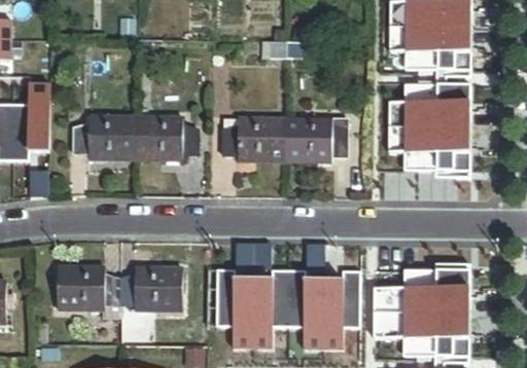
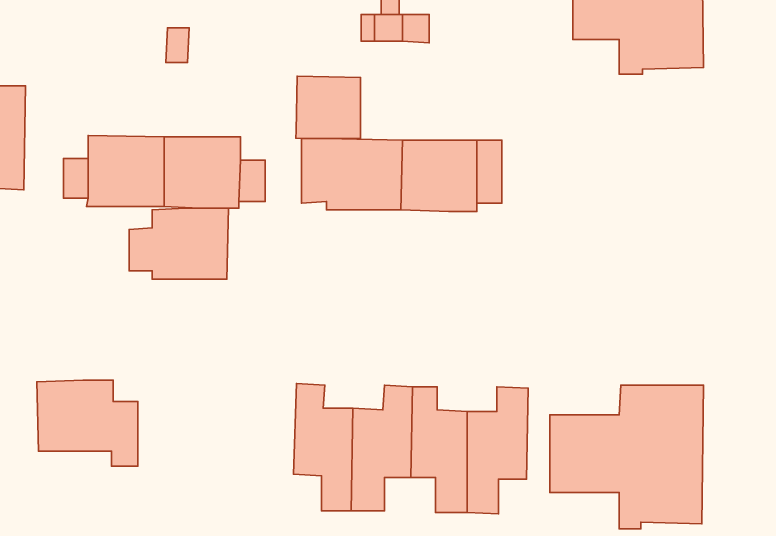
building: none -> [296,76,360,139]
building: [389,84,470,175] -> none
building: [118,266,180,310] -> [129,208,228,279]

